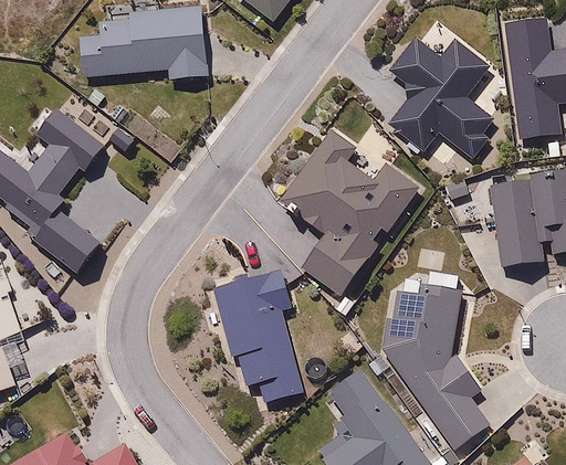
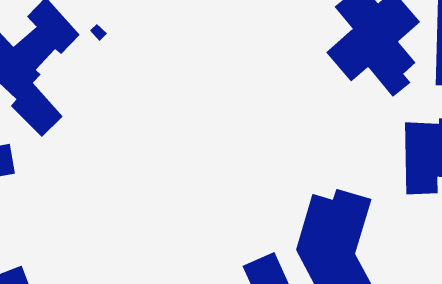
building: [281,129,421,299] -> none
building: [212,273,302,402] -> none

